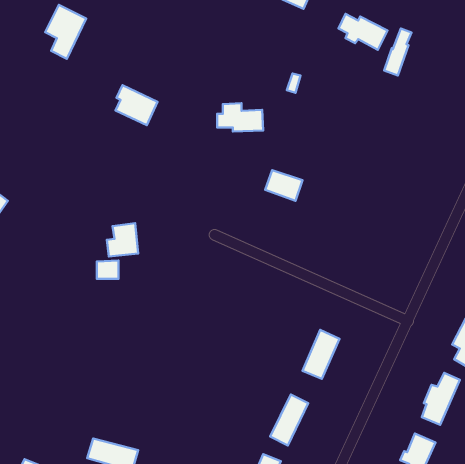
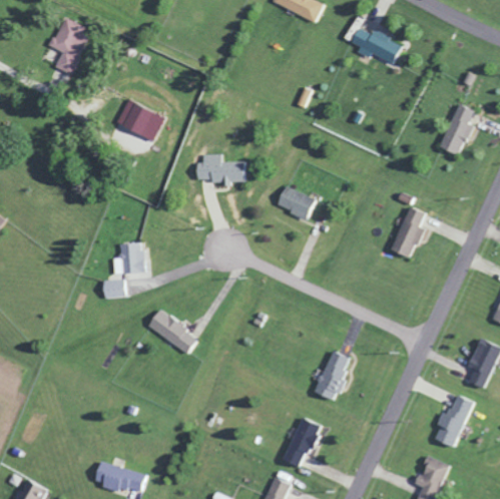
building: [384,28,411,75] -> [446,106,474,154]
building: [217,103,263,131] -> [196,153,243,182]
building: none -> [394,206,425,258]
building: none -> [147,308,199,355]

